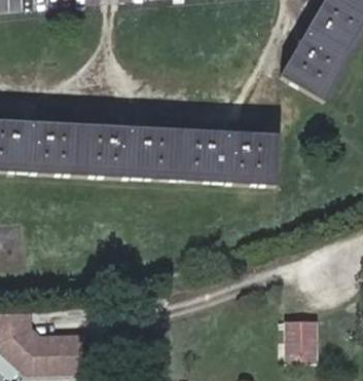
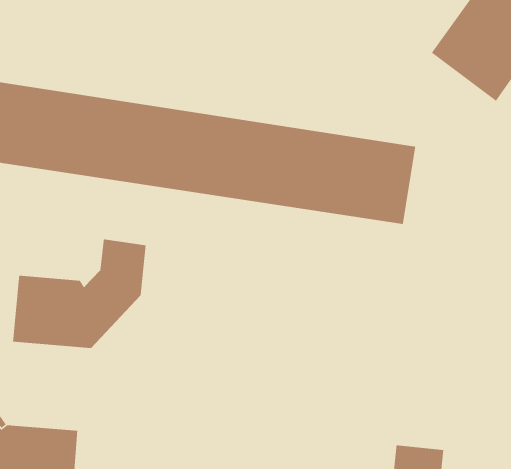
building: none -> [12,238,147,349]

